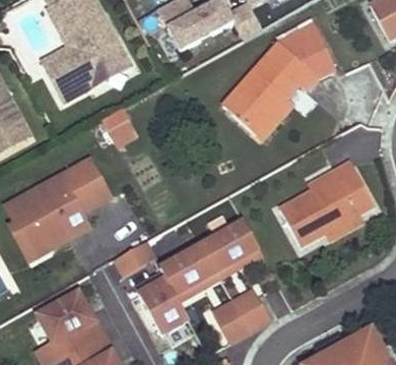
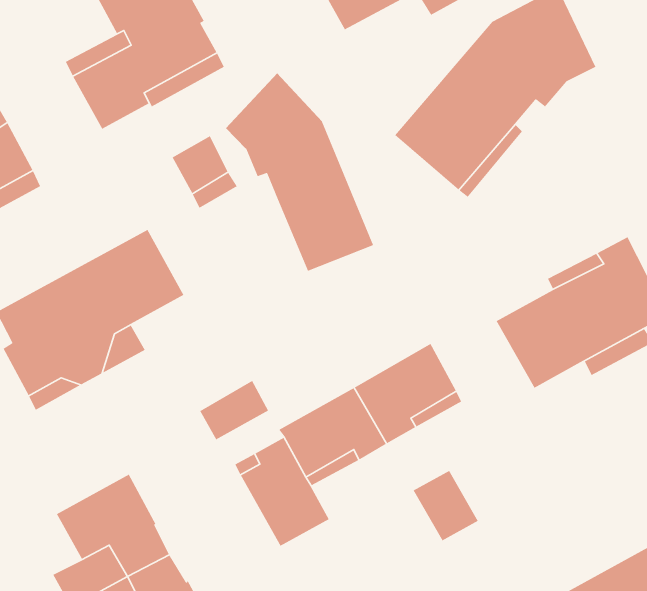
building: none -> [225,73,374,272]
building: [213,301,250,342] -> none

